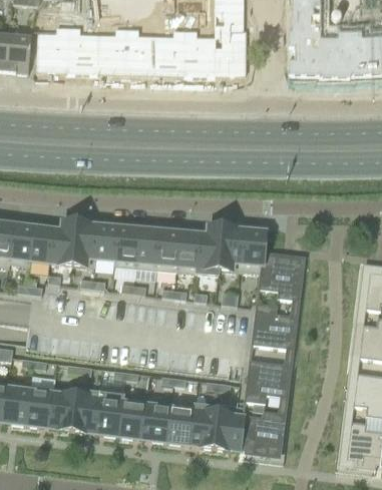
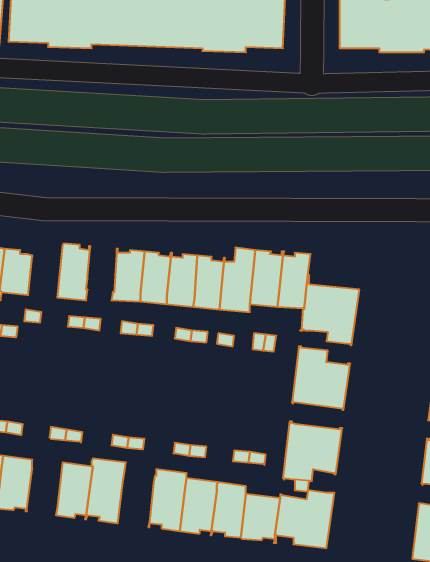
building: [51,222,78,265] -> none
building: [95,225,118,261] -> none
building: [50,388,77,430] -> none
building: [119,397,147,439] -> none

